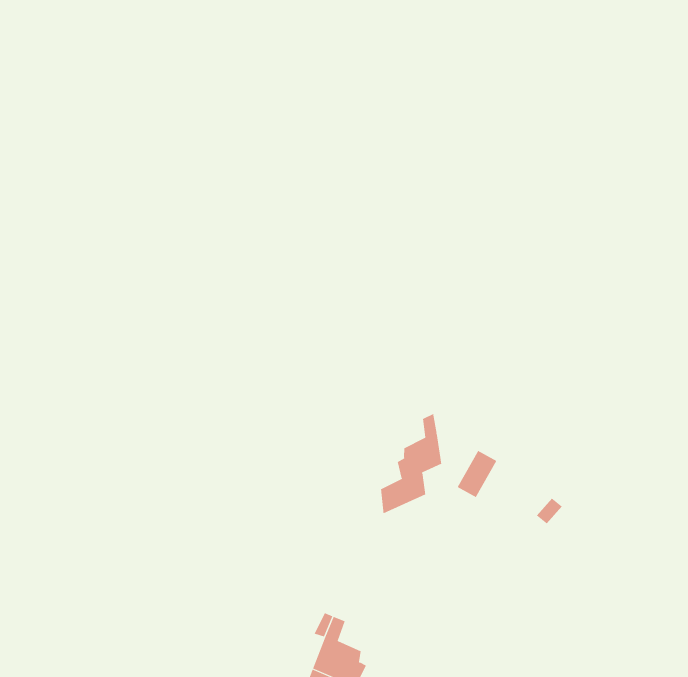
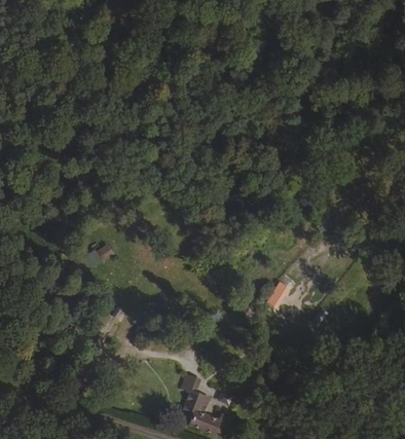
building: [380,413,442,514] -> none

